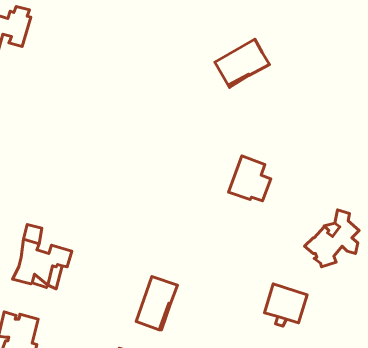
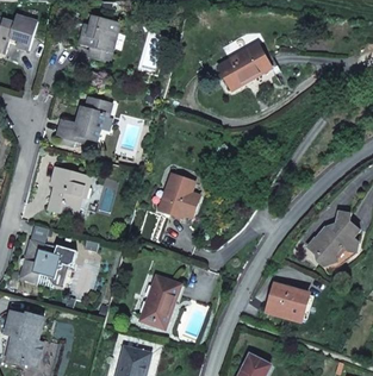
building: none -> [79,15,120,61]
building: none -> [57,96,111,143]
building: [228,156,271,201] -> [158,174,200,218]
building: none -> [49,167,88,215]

